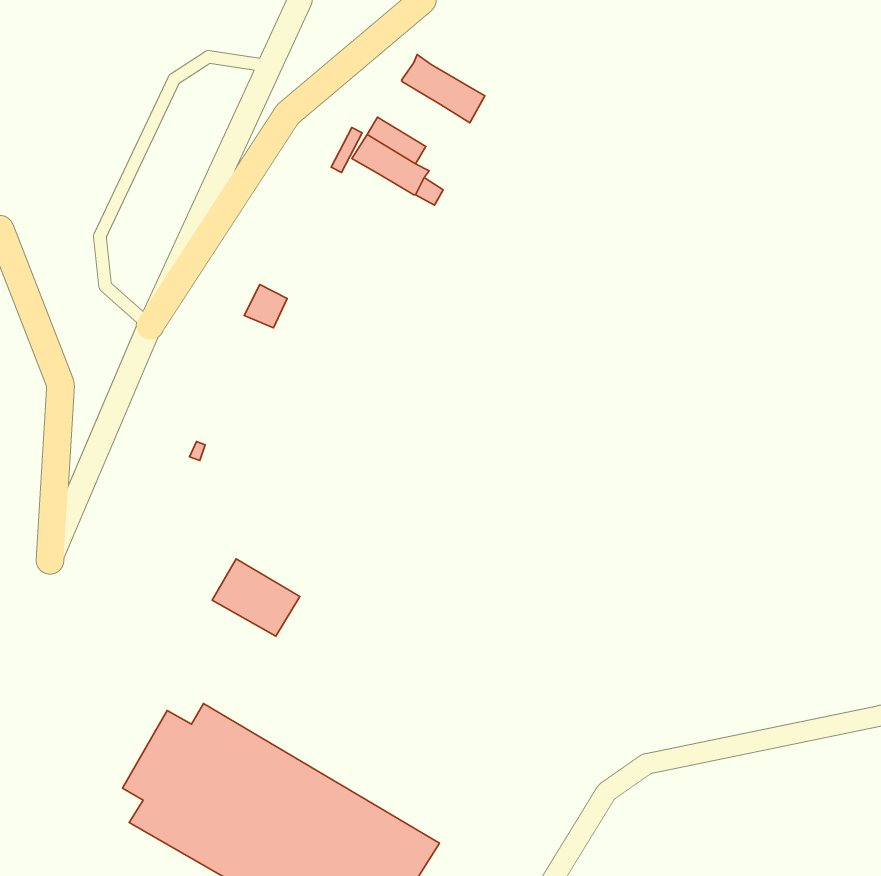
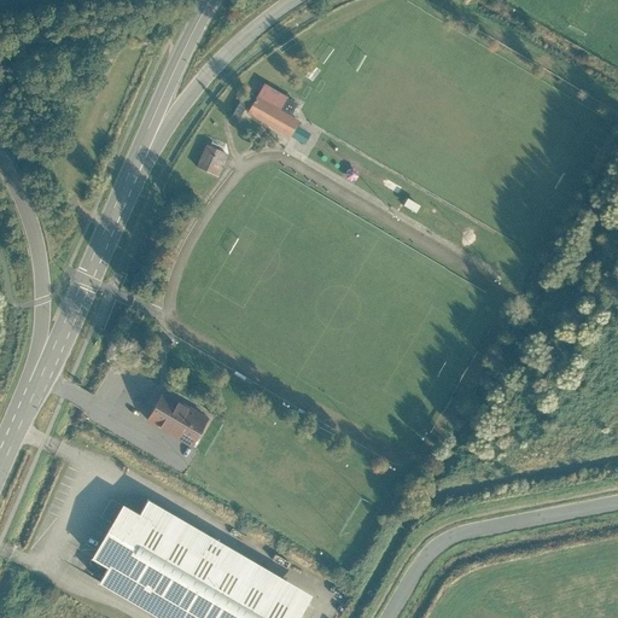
building: [401,55,485,123] -> none
building: [244,285,287,328] -> [196,147,226,177]

